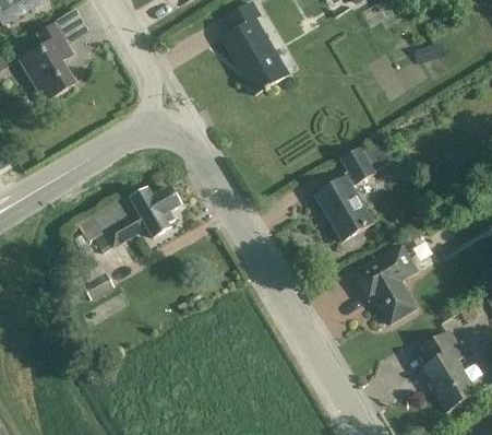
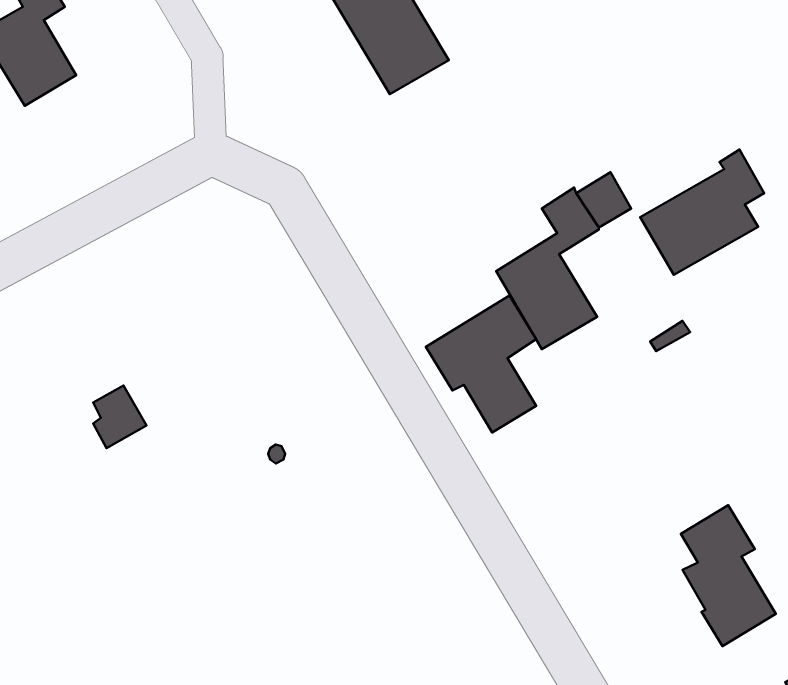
building: none -> [640,149,764,275]
building: [75,186,181,252] -> none
building: [353,245,417,324] -> [426,295,536,432]

